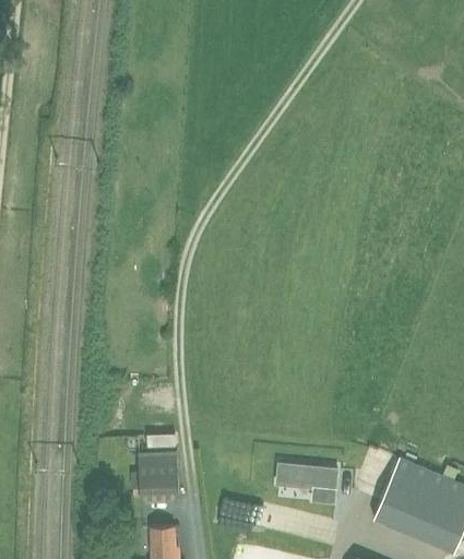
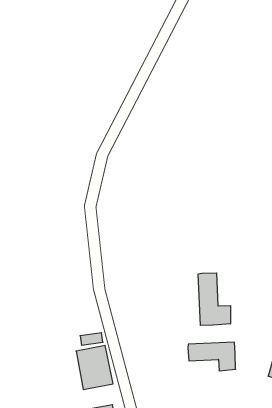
building: none -> [198,273,230,325]

